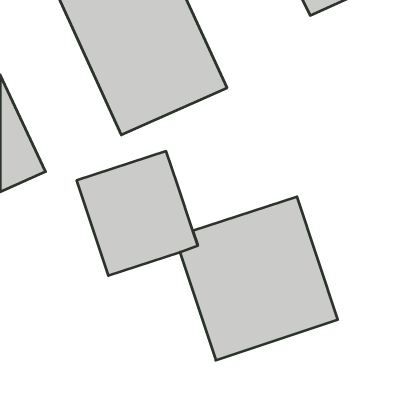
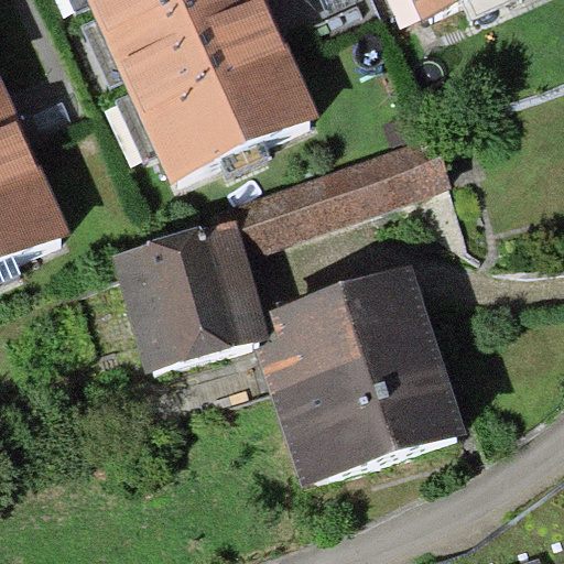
building: none -> [231,143,435,250]

